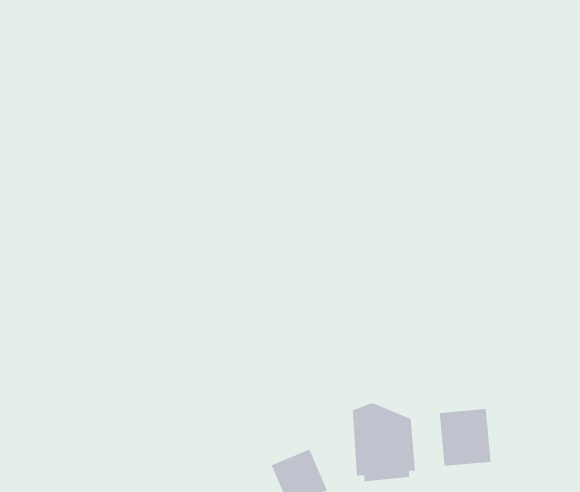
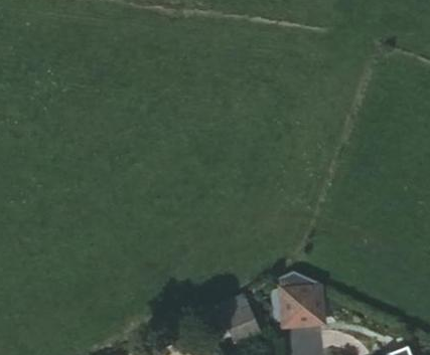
building: [439,408,491,467] -> none

